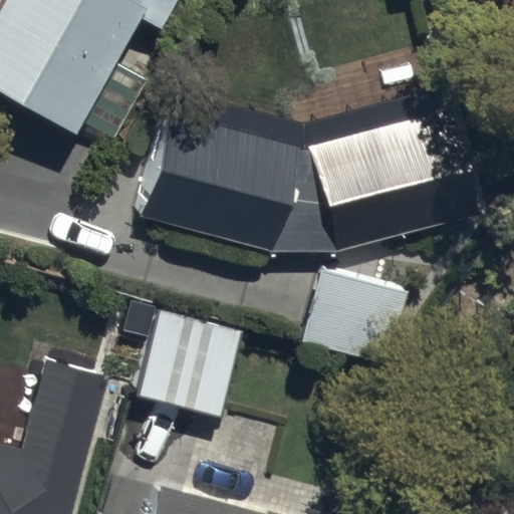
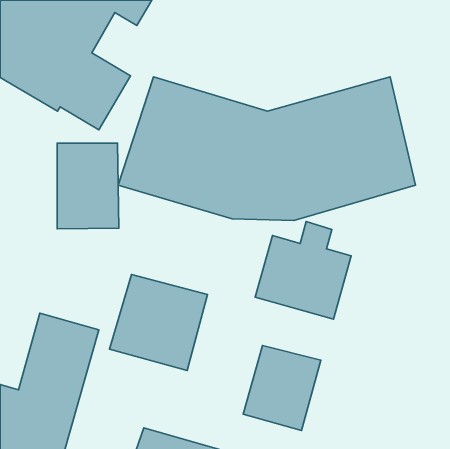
building: none -> [57,143,119,229]
building: none -> [243,346,321,431]

